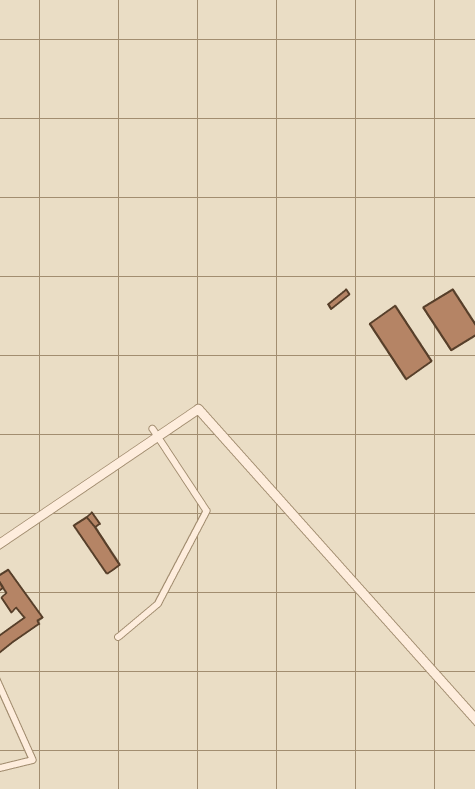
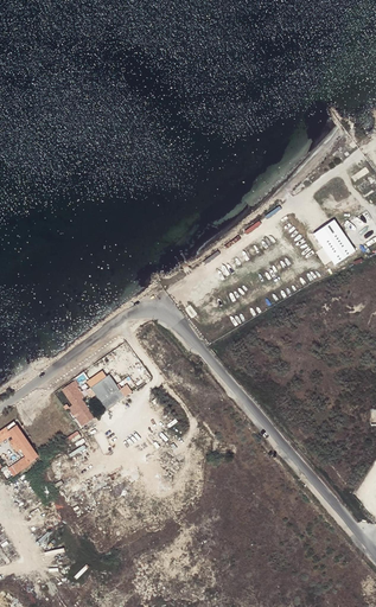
building: [370,306,431,379] -> none
building: none -> [90,371,126,411]

